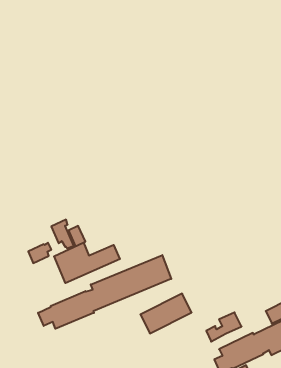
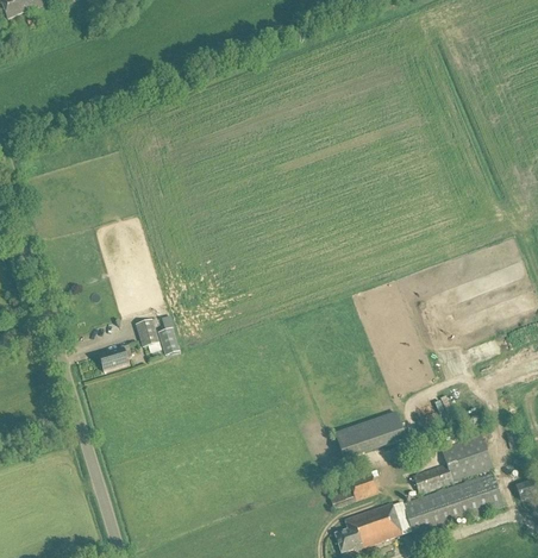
building: [54,243,120,283] -> none
building: [38,255,171,329] -> none
building: [140,294,192,333] -> [336,410,406,459]

